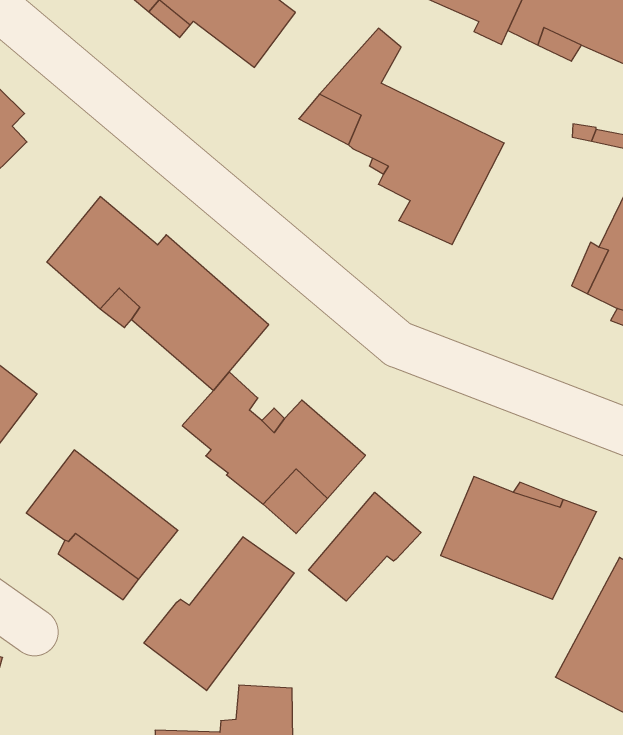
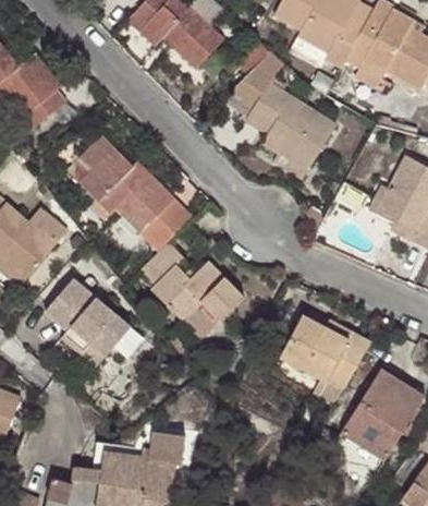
building: [309,492,421,601] -> none
building: [144,537,294,691] -> none

